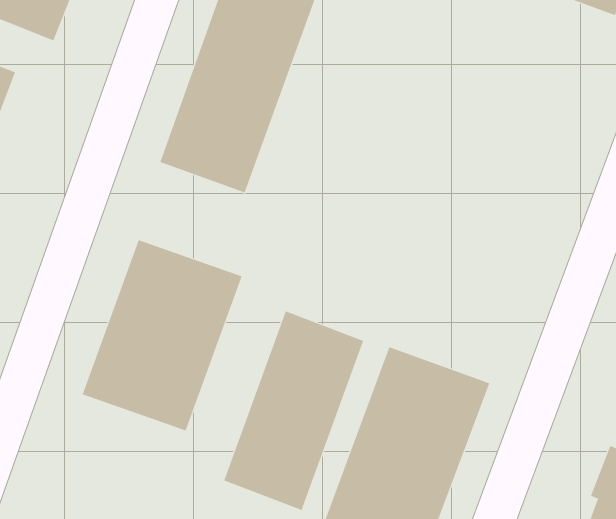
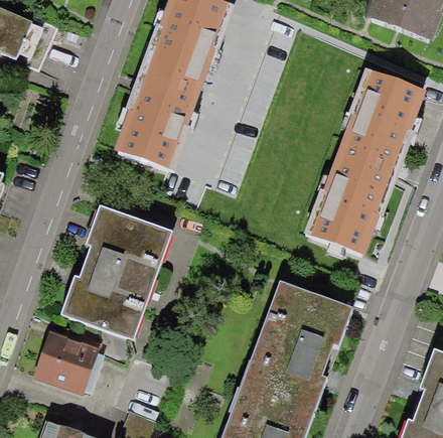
building: none -> [304,68,428,255]
building: [224,310,364,511] -> none
building: none -> [33,327,98,390]

